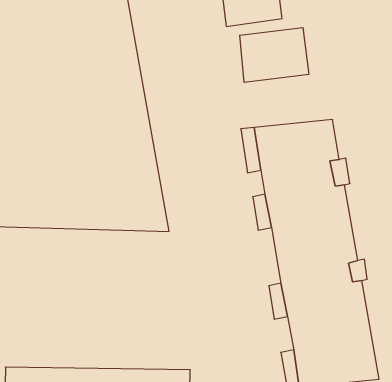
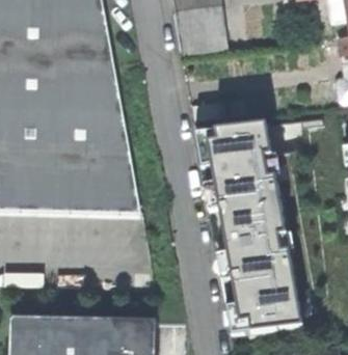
building: [240,28,309,82] -> none

